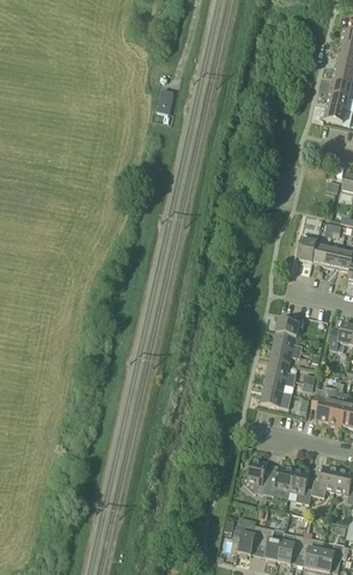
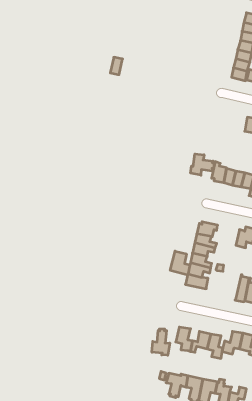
building: none -> [191,154,214,175]
building: none -> [170,251,190,275]
building: [312,386,336,421] -> none
building: none -> [152,329,170,355]

